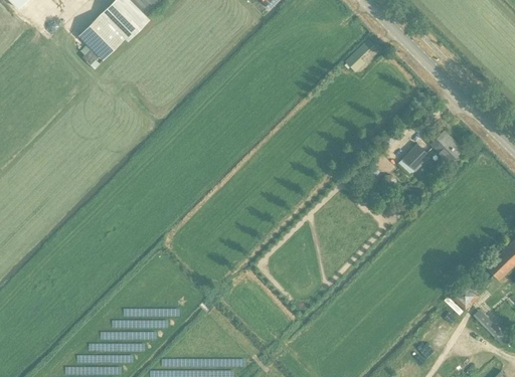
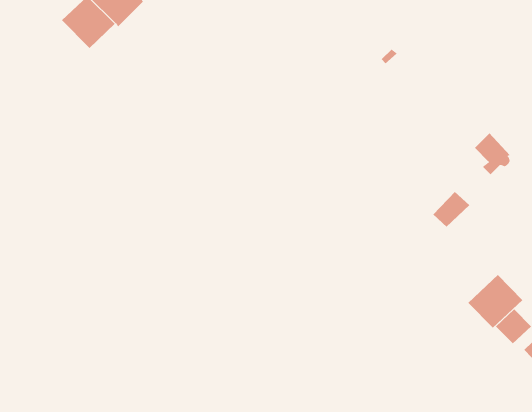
building: [397,143,430,174] -> [432,191,470,228]
building: none -> [468,274,523,329]

